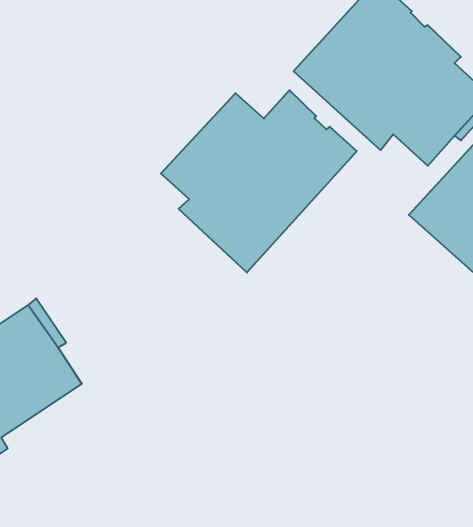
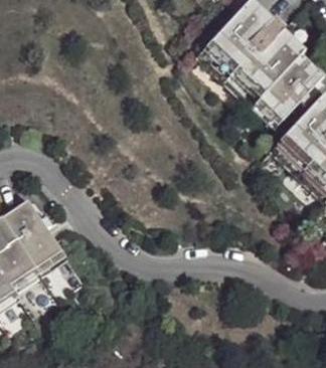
building: [161,90,357,273] -> none

